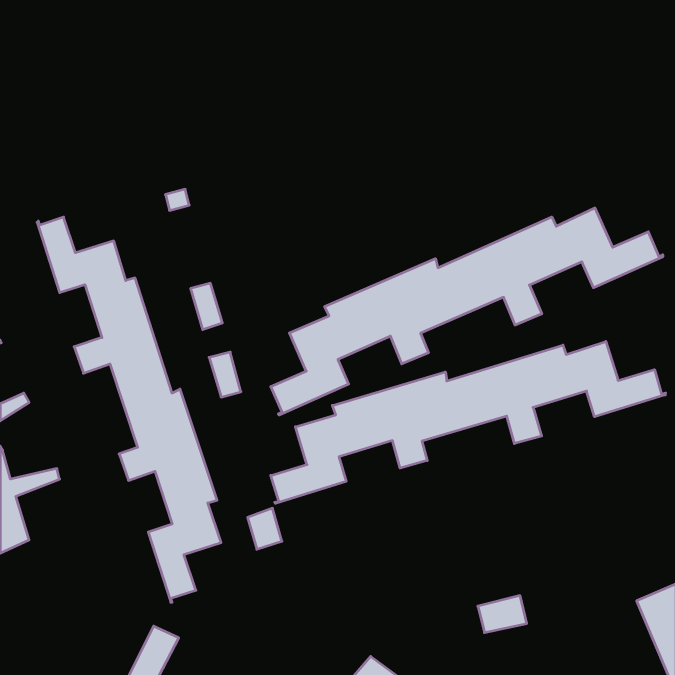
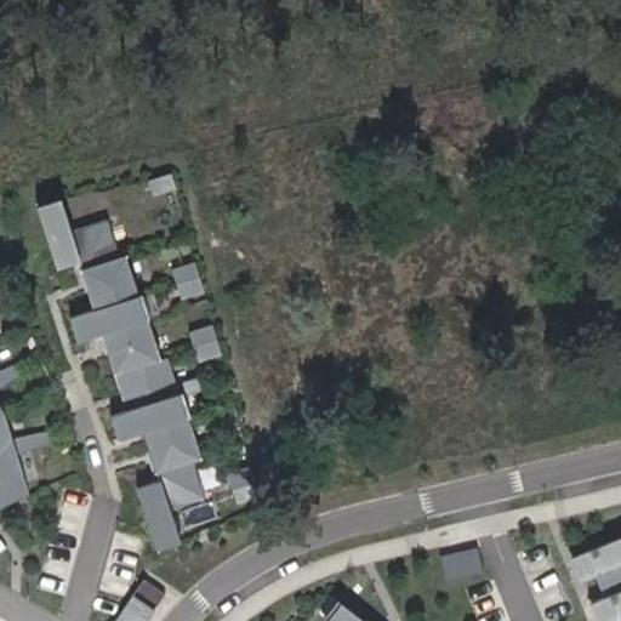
building: [271,208,663,415] -> none
building: [271,341,666,503] -> none

